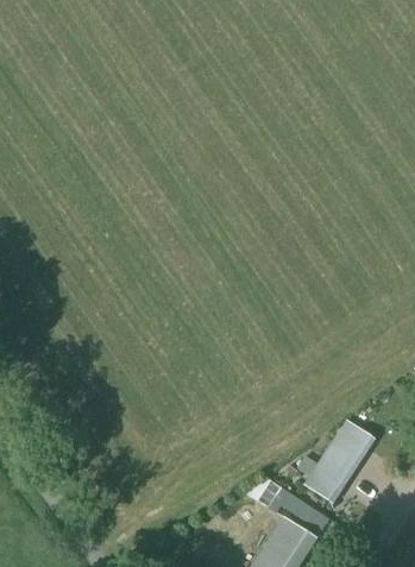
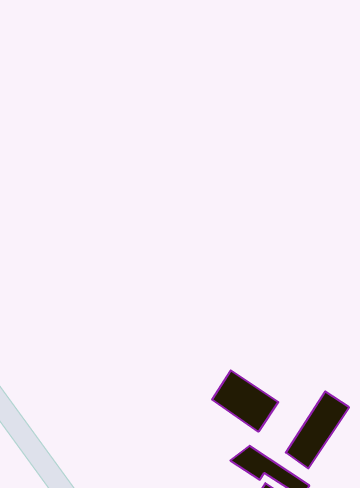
building: none -> [212,370,278,432]

